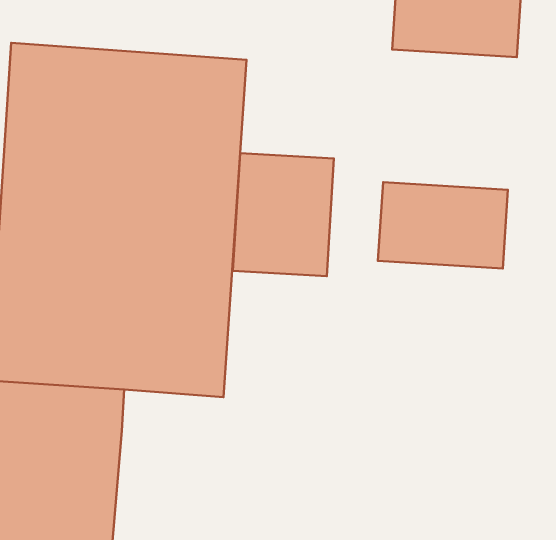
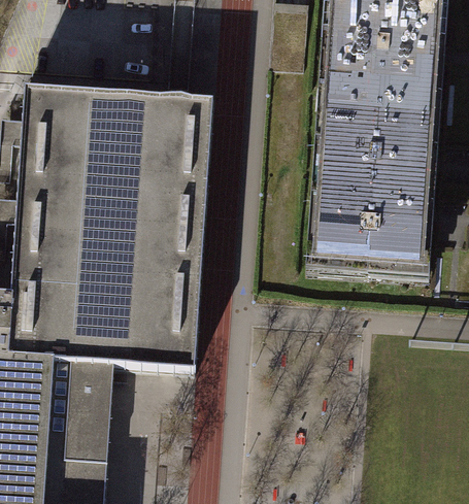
building: none -> [321,87,428,199]
building: [233,153,334,276] -> none

